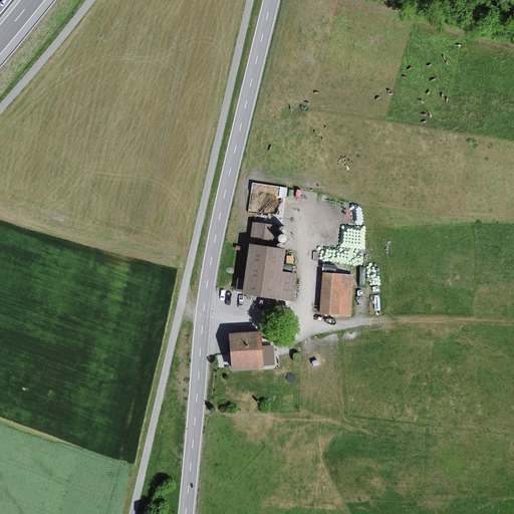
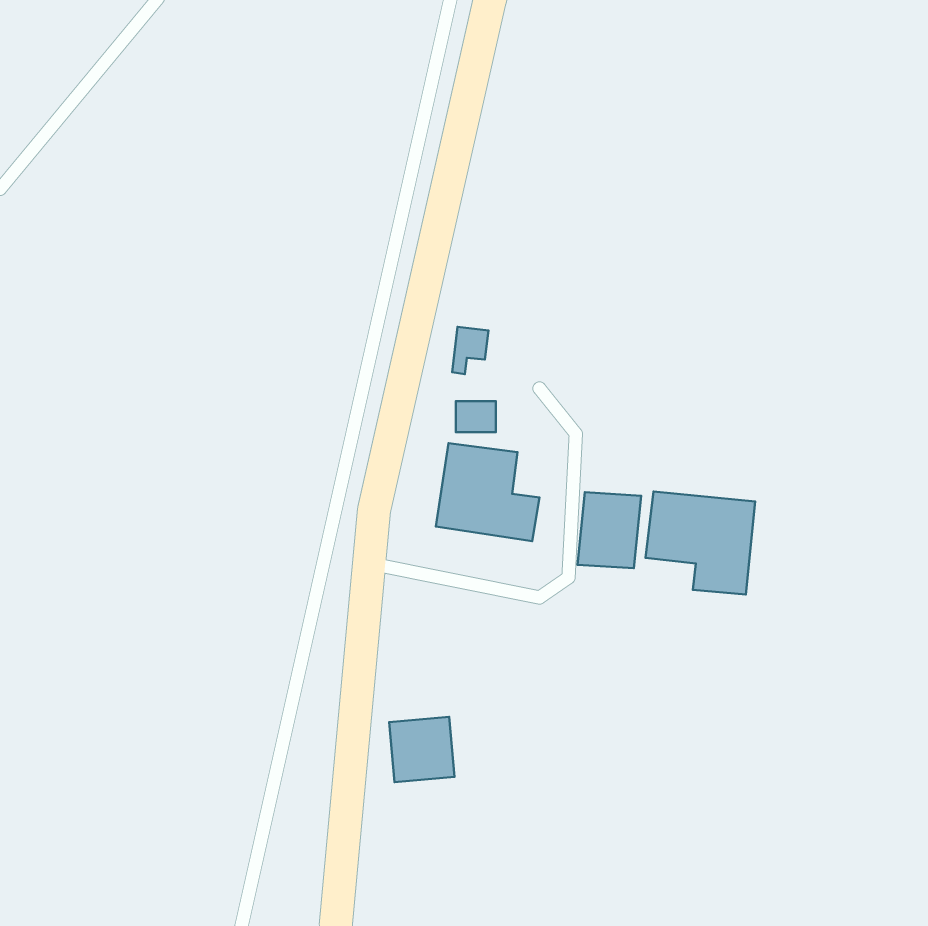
building: none -> [645,492,755,594]
building: [227,332,263,368] -> [389,717,455,782]

